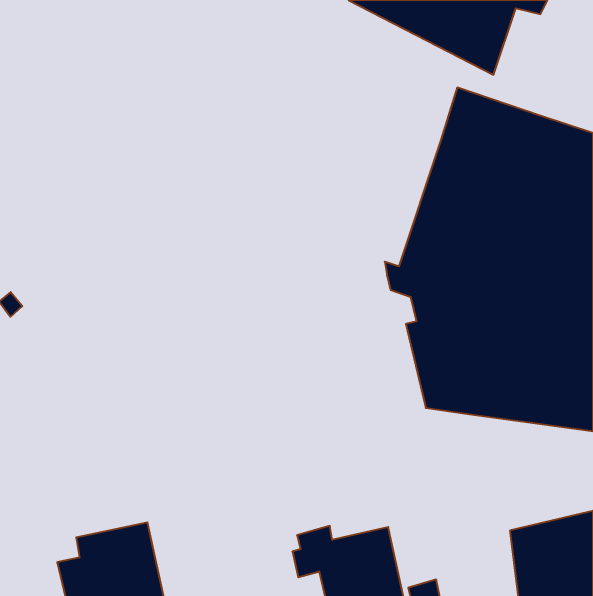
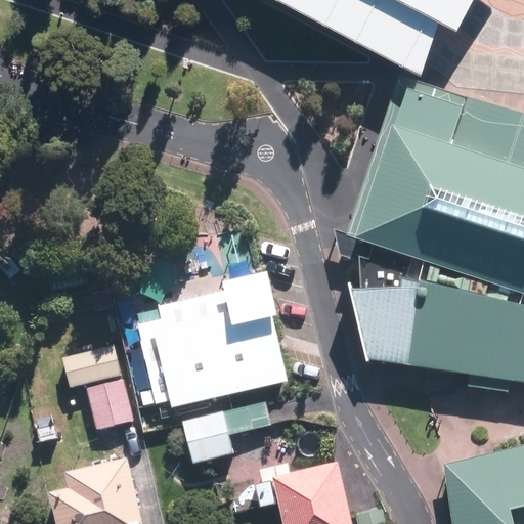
building: none -> [133,287,291,408]
building: none -> [63,345,134,429]
building: none -> [183,402,271,463]

